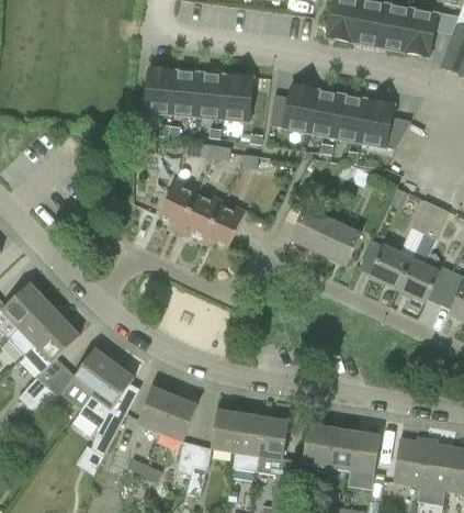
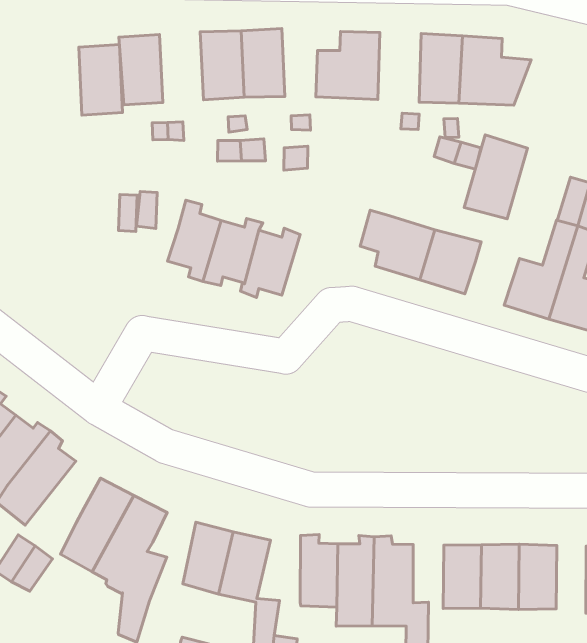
building: [170,69,201,115] -> [79,45,123,115]
building: [308,89,342,137] -> none
building: none -> [464,135,527,219]

